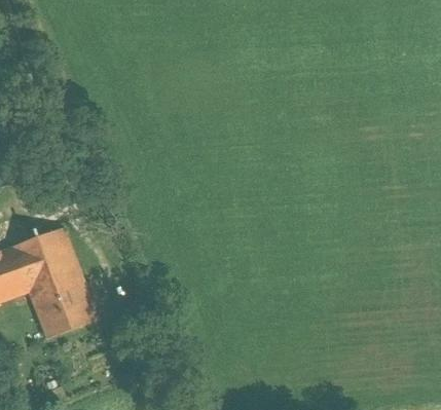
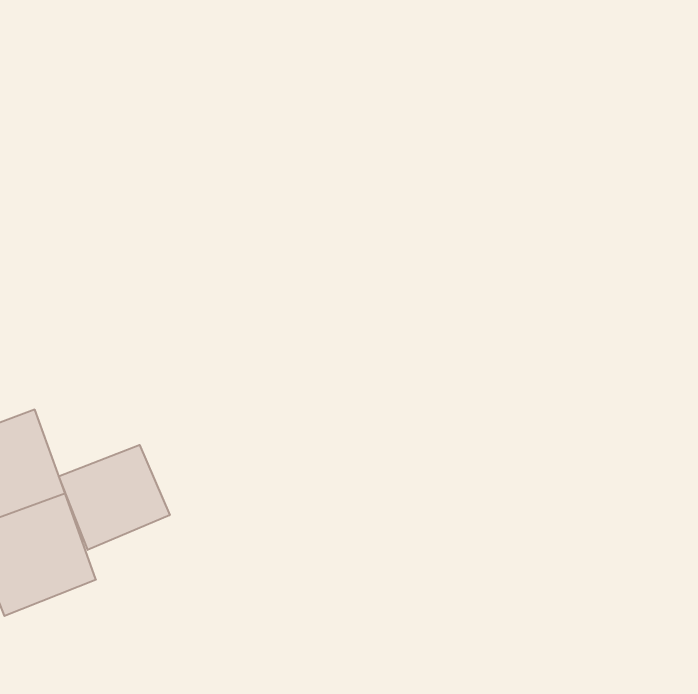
building: none -> [59,445,170,550]

